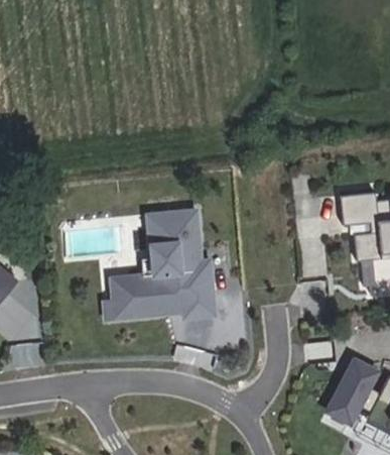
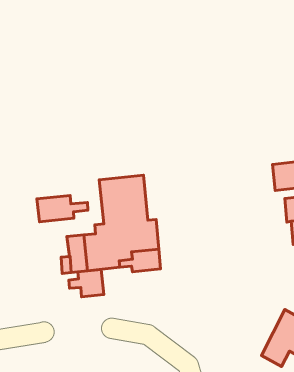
building: none -> [37,195,88,222]
building: none -> [69,269,104,297]

